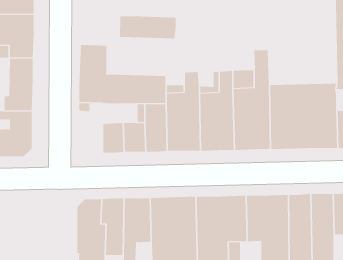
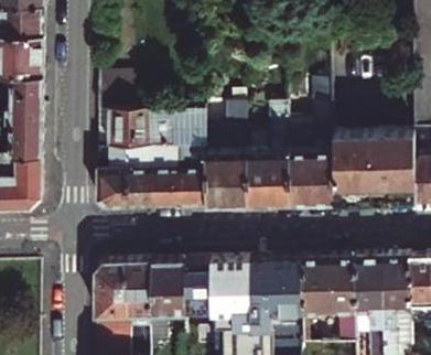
building: [120,16,176,39] -> none
building: none -> [96,143,131,206]

